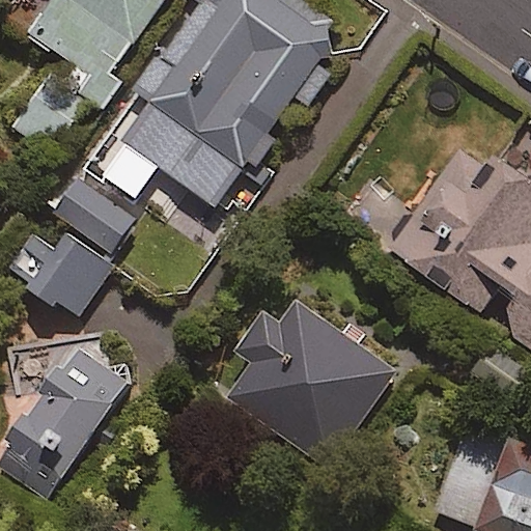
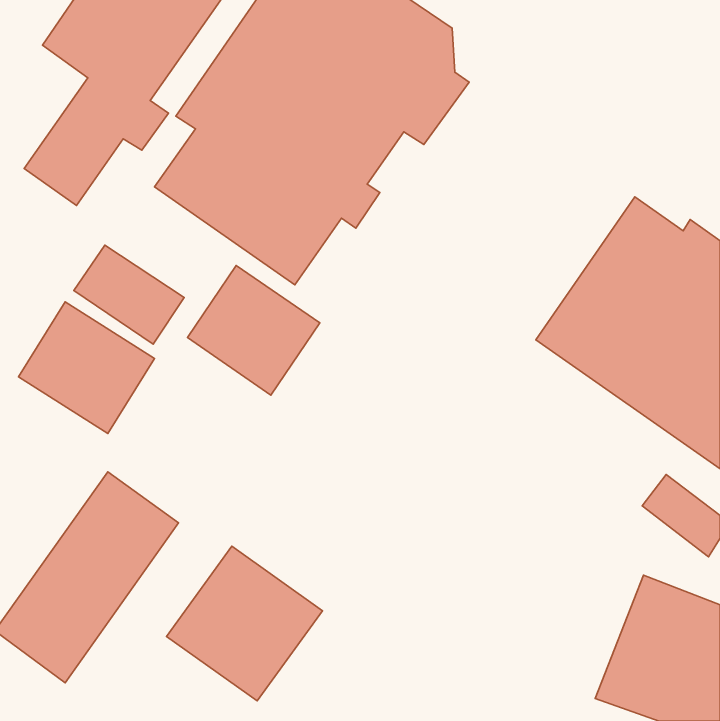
building: none -> [187,265,320,395]
building: [220,299,397,467] -> none
building: none -> [166,546,322,701]

